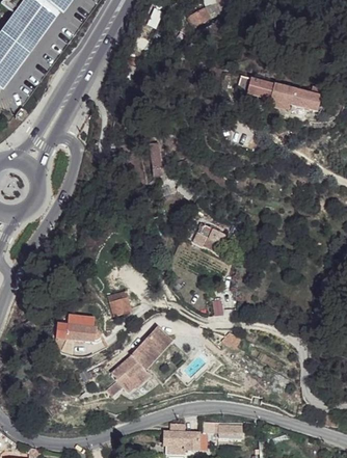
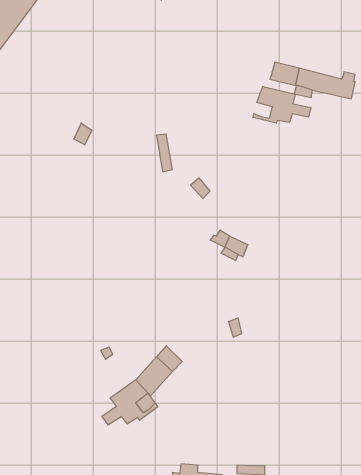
building: none -> [253,86,311,123]
building: [107,290,131,316] -> none
building: [53,317,100,350] -> none

